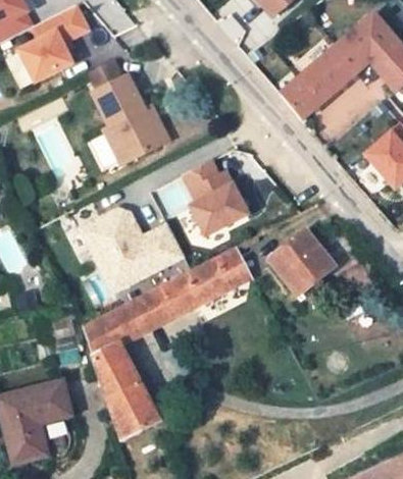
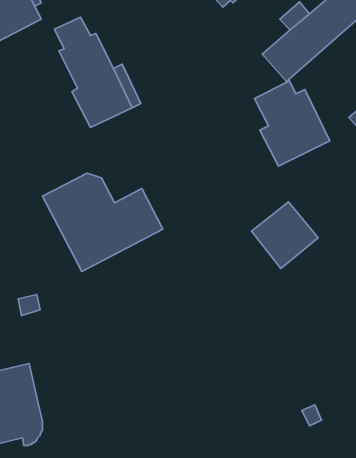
building: [181,159,251,238] -> [254,81,330,166]
building: [83,250,250,440] -> none

